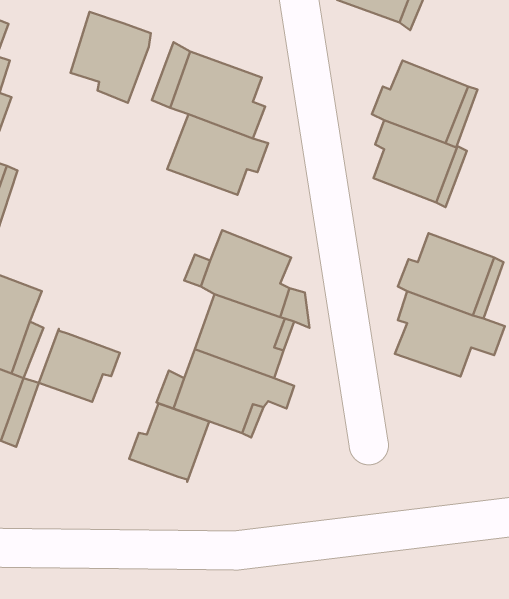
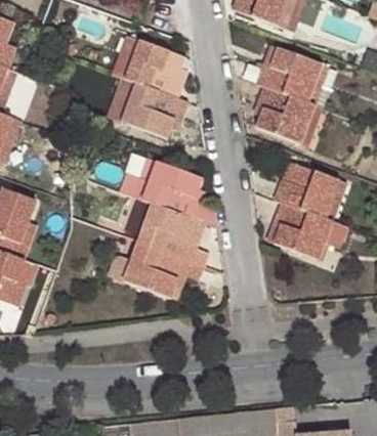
building: [71,12,151,103] -> none
building: [39,329,120,402] -> none
building: [129,404,209,482] -> none

